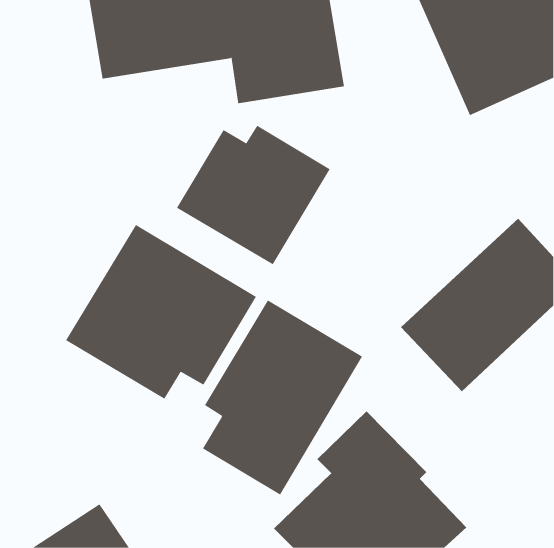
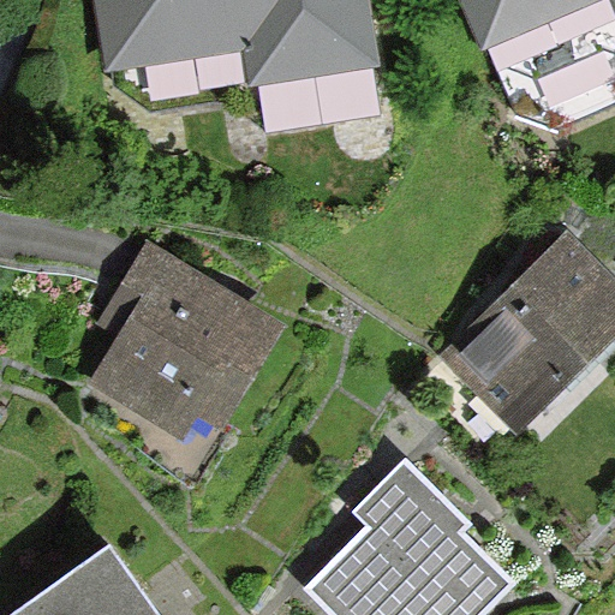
building: [176,125,331,265] -> none
building: [202,299,363,496] -> none

